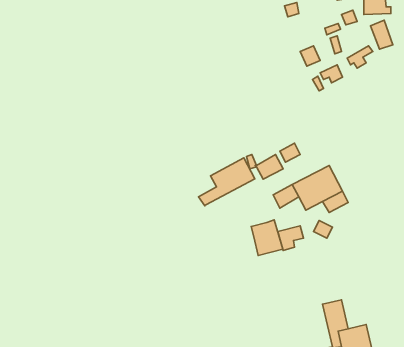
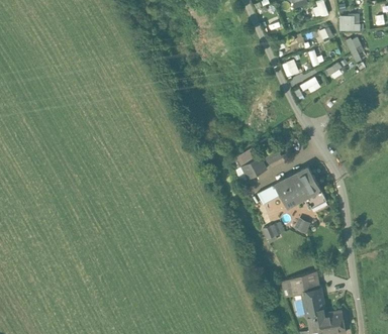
building: [199,158,255,206] -> none
building: [251,220,283,255] -> none
building: none -> [287,270,319,295]

